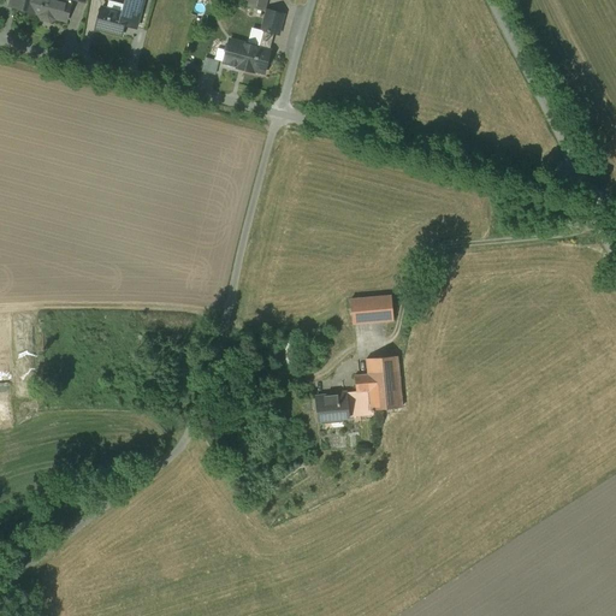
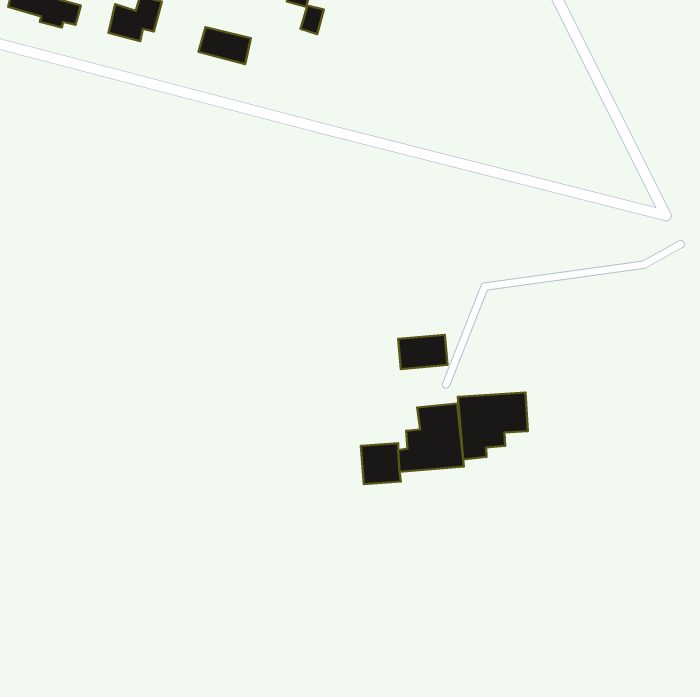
building: [223,37,268,70] -> [199,27,251,64]
building: none -> [458,393,528,459]

